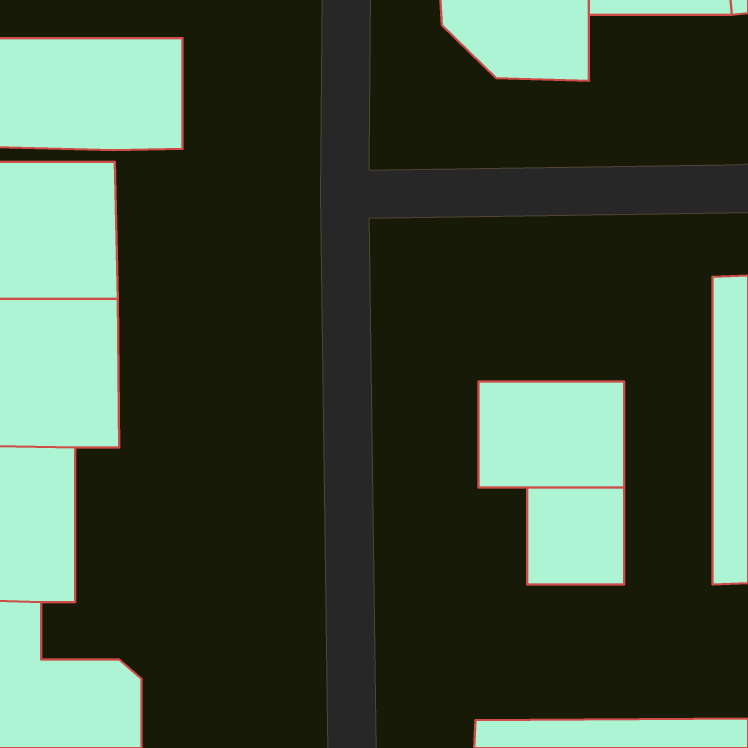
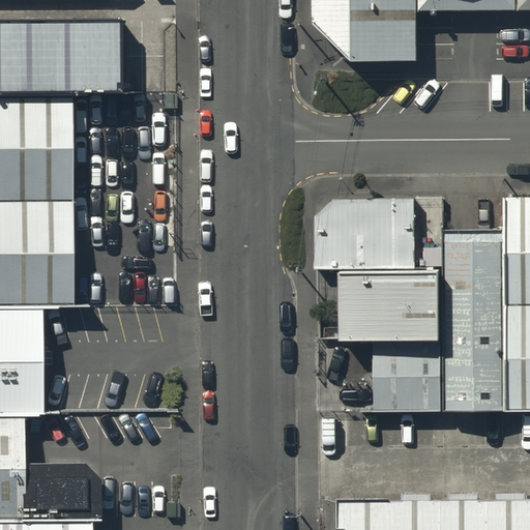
building: none -> [312,197,412,268]
building: none -> [439,229,501,411]

